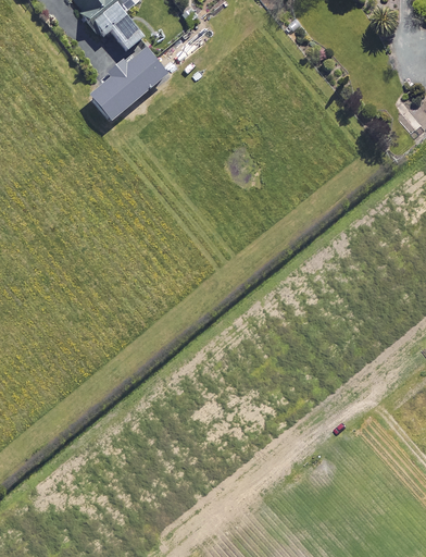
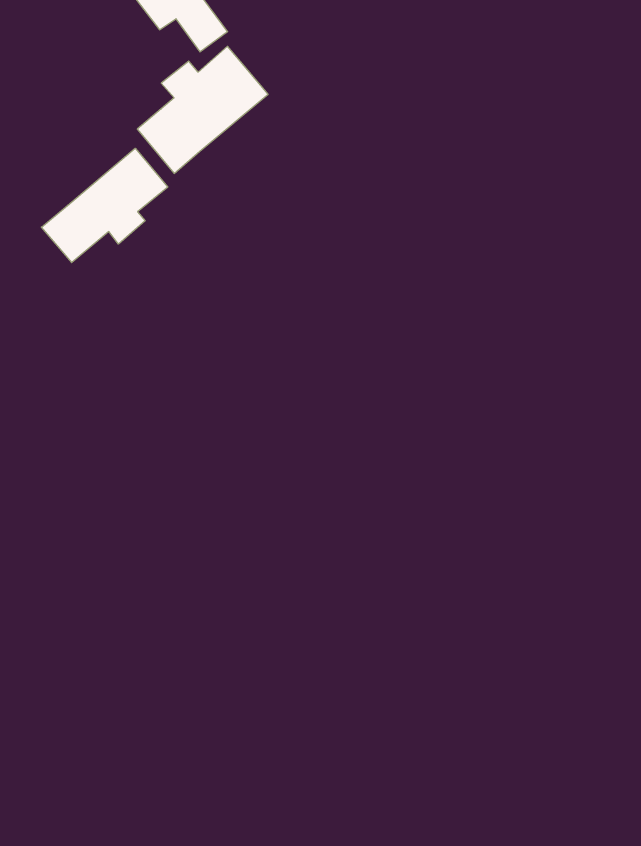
building: none -> [41,148,168,263]

